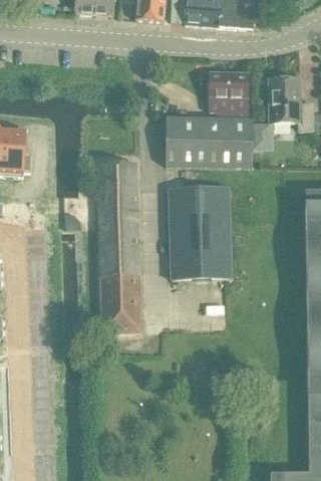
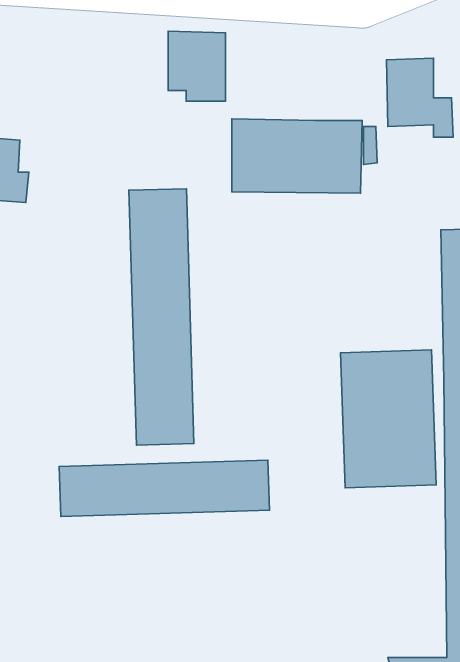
building: [209,71,247,117] -> [168,31,226,101]
building: [168,187,231,278] -> [341,350,436,488]
building: none -> [59,460,269,517]

